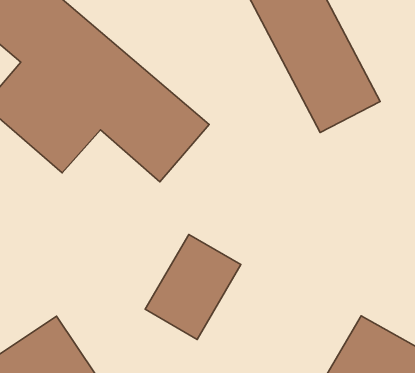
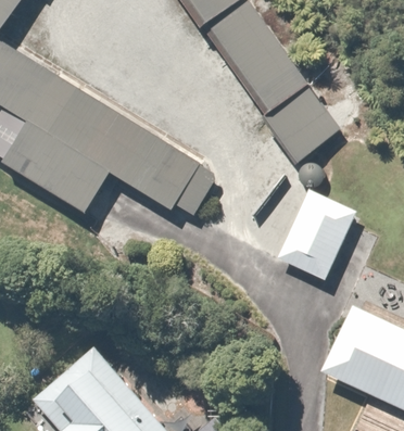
building: [145,234,241,339] -> [277,192,352,279]

